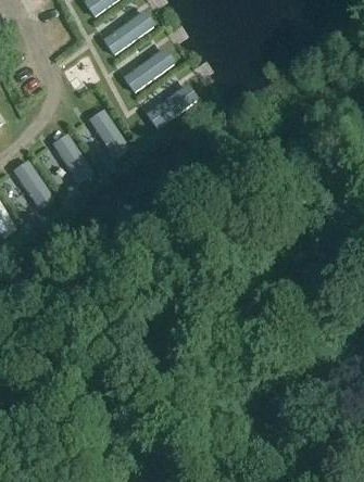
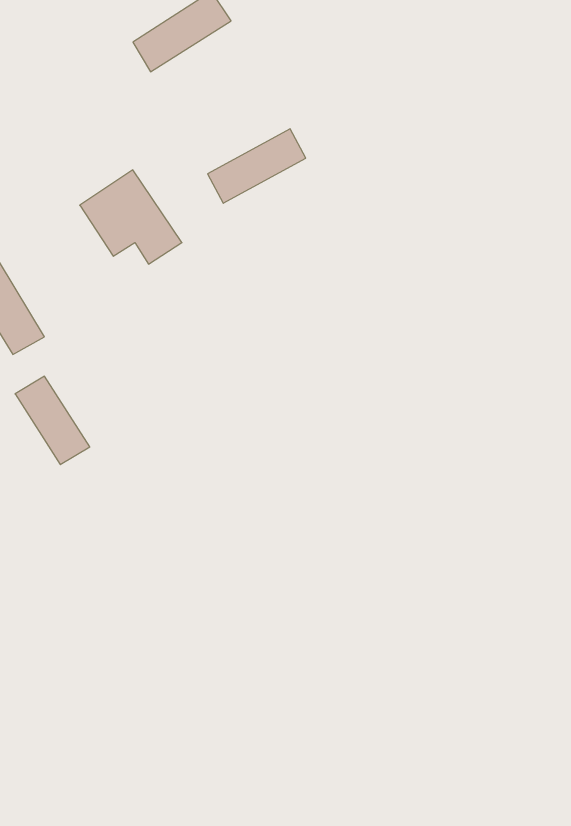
building: [123,47,177,92] -> none
building: [51,134,92,182] -> [15,376,90,465]

